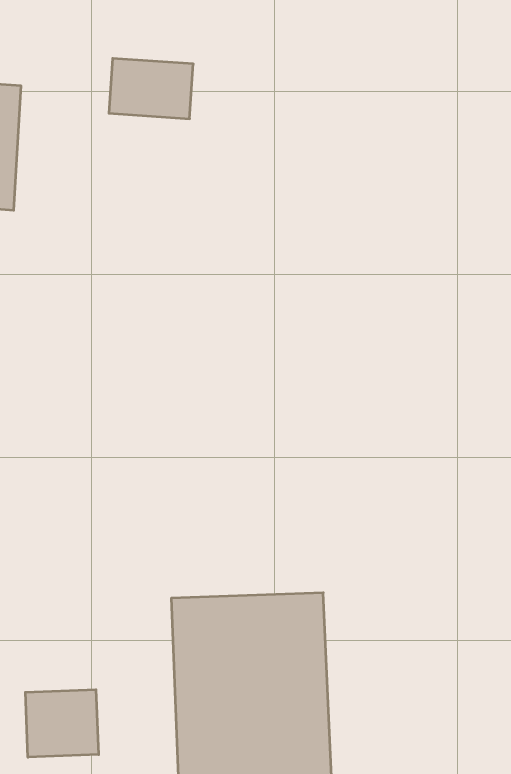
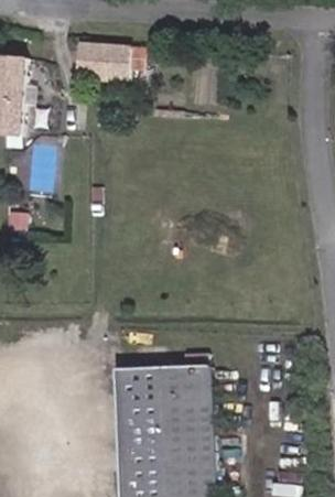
building: [25,690,99,757] -> none

